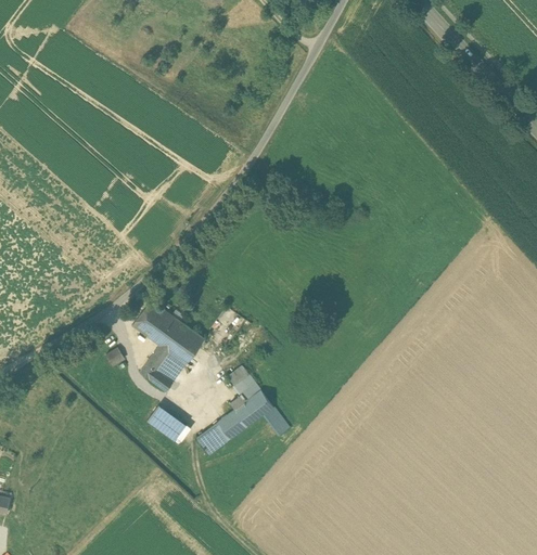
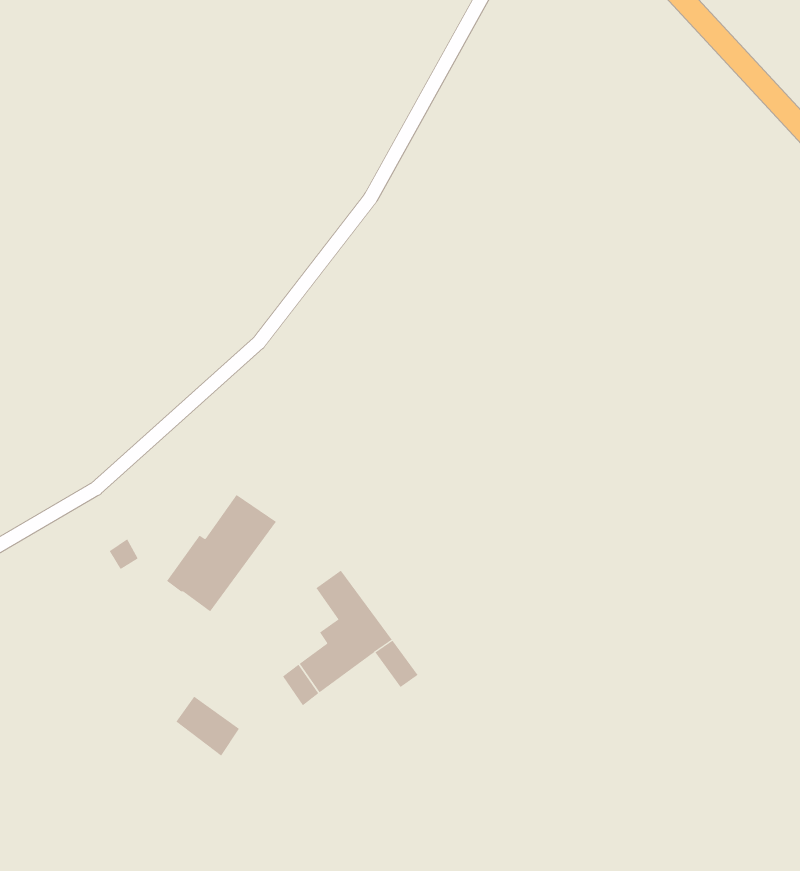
building: [132,300,181,348] -> none
building: [148,405,186,441] -> [175,696,240,757]

